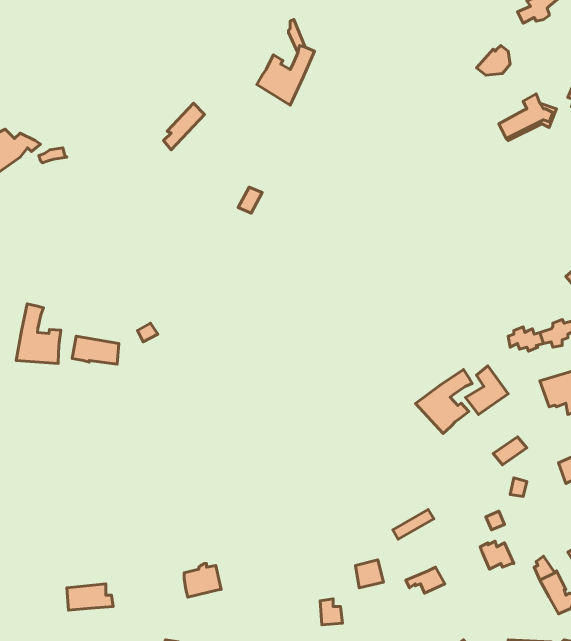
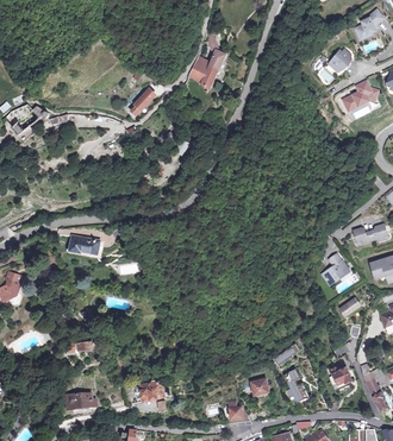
building: [16,304,61,364] -> none
building: [415,369,472,434] -> none

